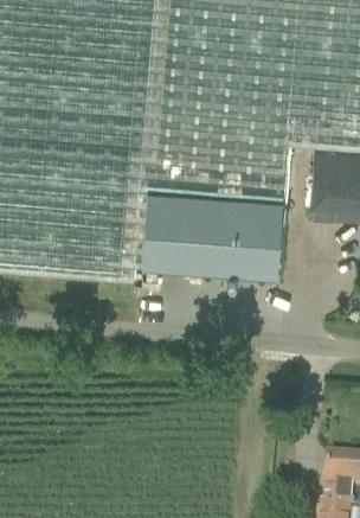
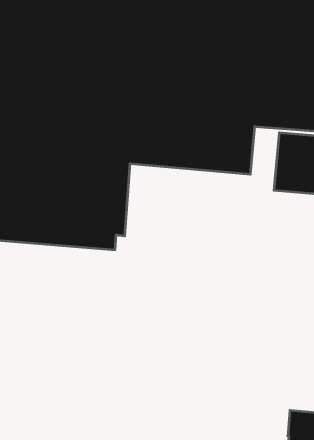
building: [144,183,284,274] -> none

